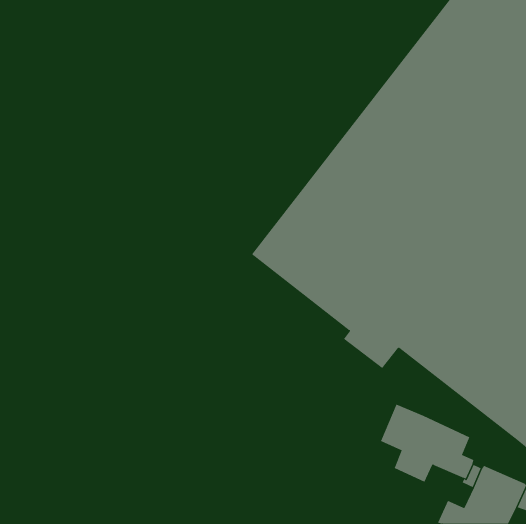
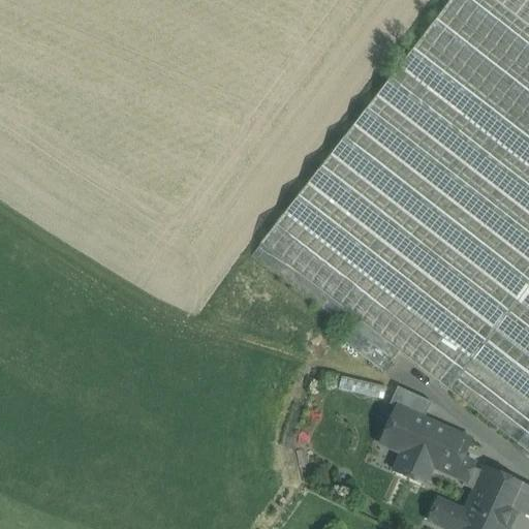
building: none -> [392,384,433,415]

